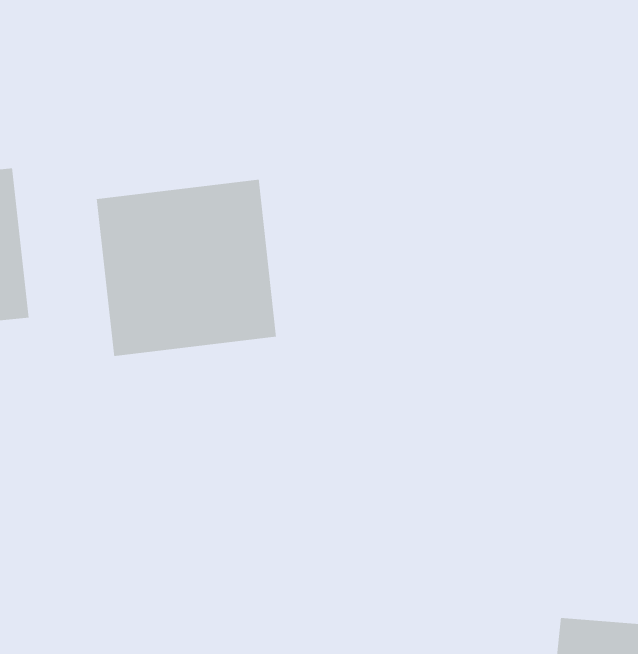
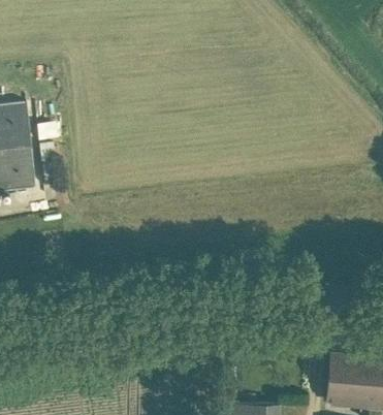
building: [96,179,277,357] -> none

